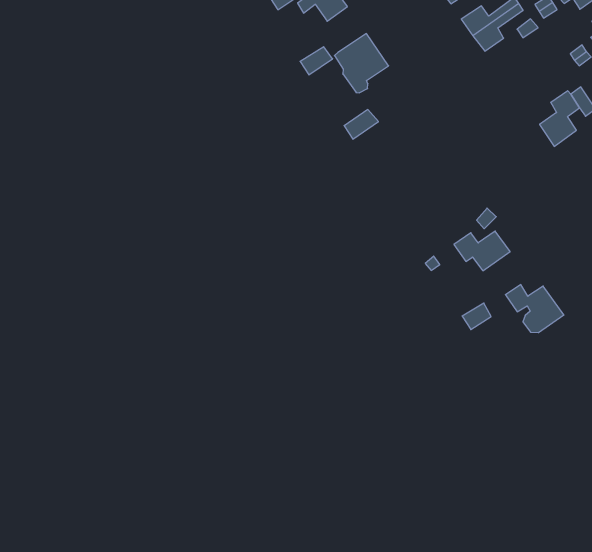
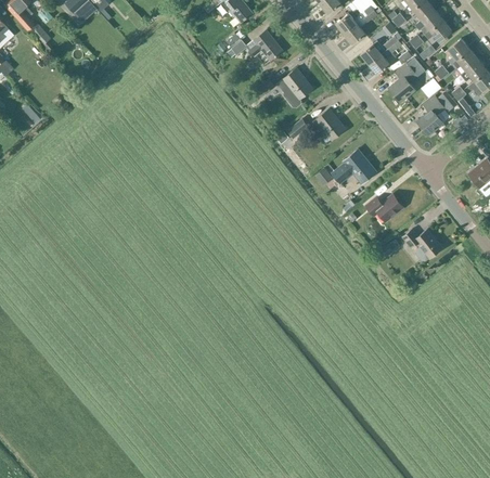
building: none -> [389,56,425,101]
building: none -> [311,108,346,140]
building: none -> [332,150,375,183]

